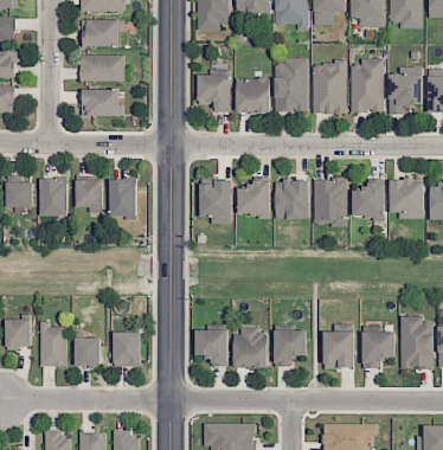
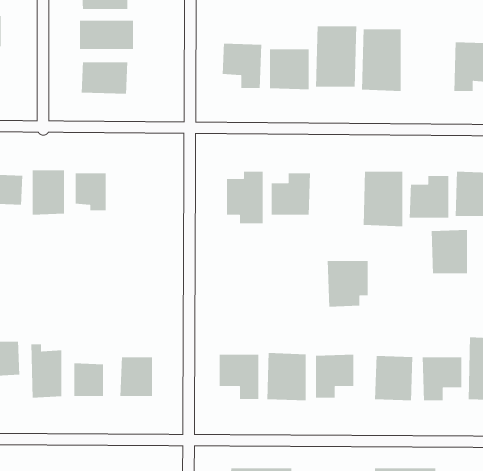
building: [349,58,383,111] -> none
building: [109,178,136,217] -> none
building: [274,180,308,219] -> [327,260,369,308]
building: none -> [431,229,468,274]

